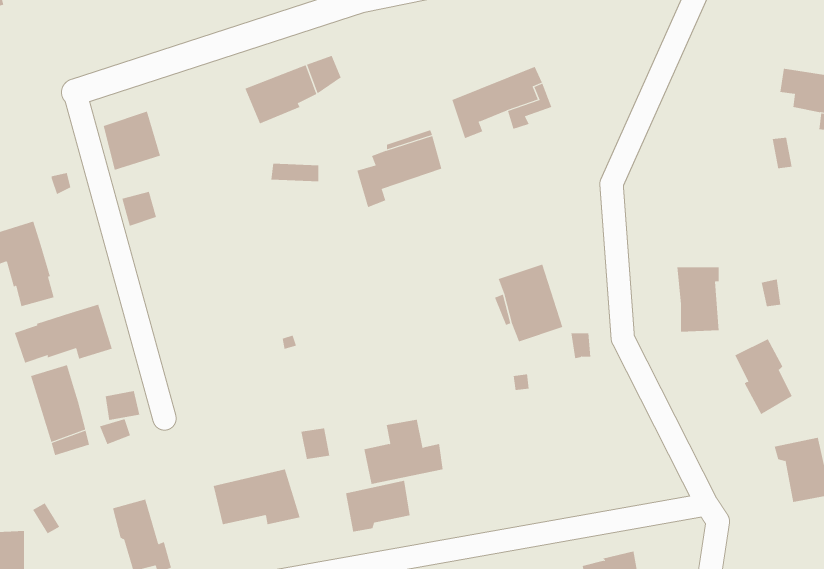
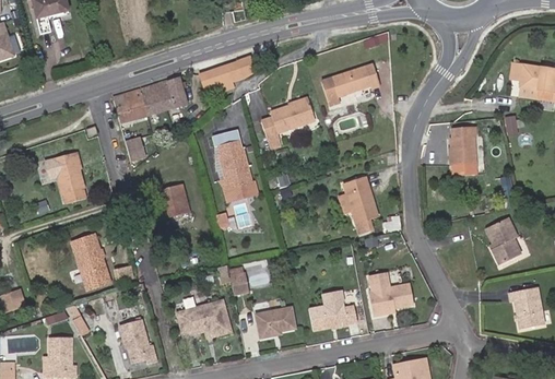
building: none -> [140,79,185,116]
building: none -> [219,141,257,203]
building: [677,267,719,332] -> [450,130,475,168]
building: none -> [154,185,188,220]
building: [14,304,112,364] -> none
building: [363,419,443,485] -> [309,292,356,330]
building: none -> [367,275,411,316]

